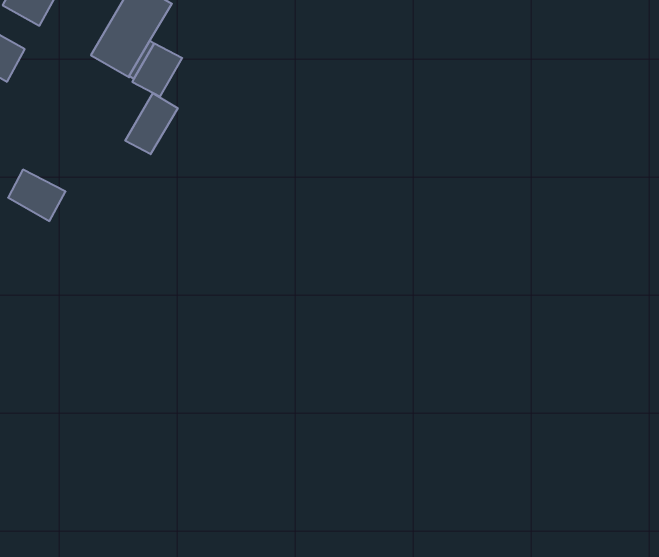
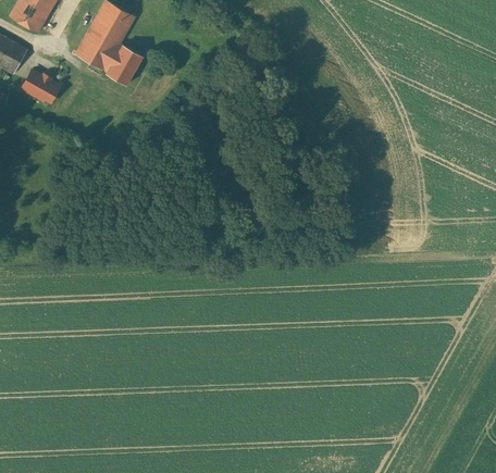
building: [125,93,178,154] -> none
building: [8,170,66,221] -> [17,69,60,107]

